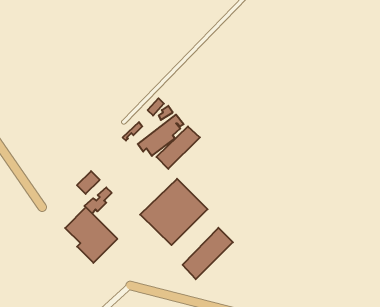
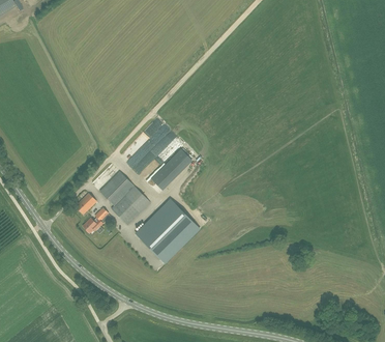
building: [65,207,117,263] -> [100,171,150,224]
building: [183,228,233,279] -> none

